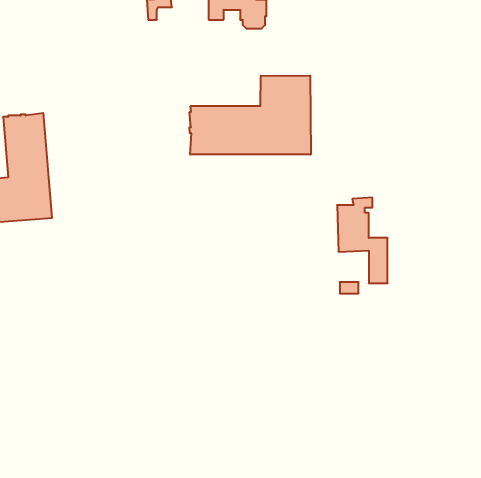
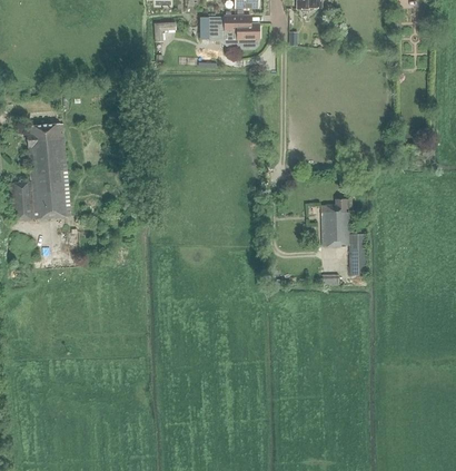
building: [189,76,311,155] -> none

